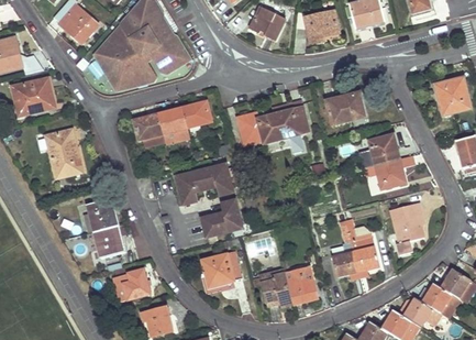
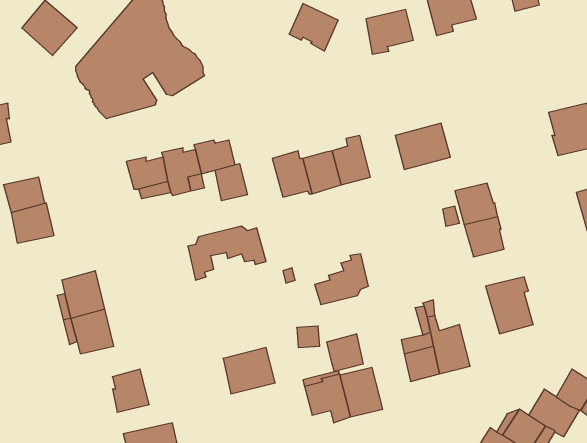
building: none -> [215,164,248,201]
building: [202,200,241,237] -> [315,254,368,305]
building: none -> [327,334,363,372]

